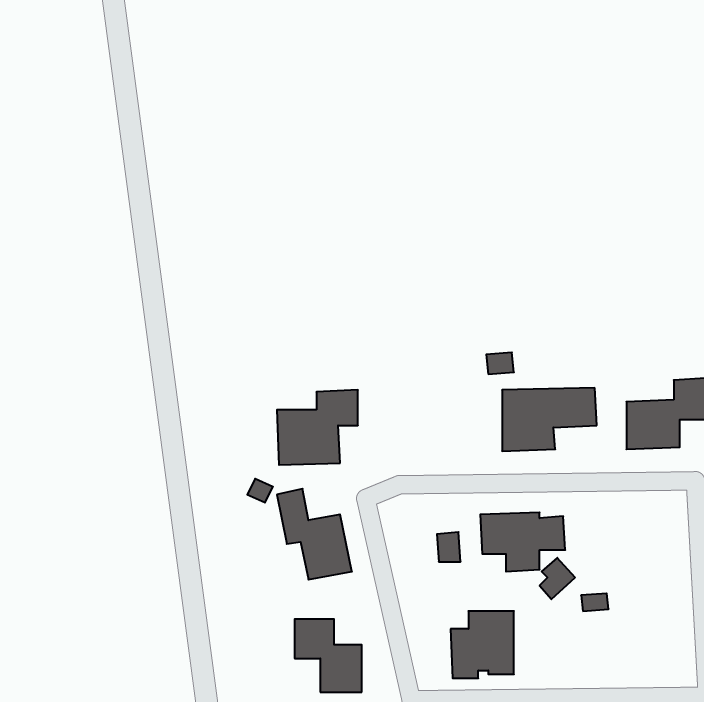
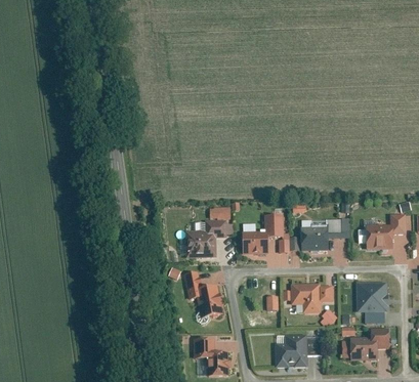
building: none -> [242,214,284,254]
building: none -> [355,282,387,312]
building: none -> [349,328,389,360]

